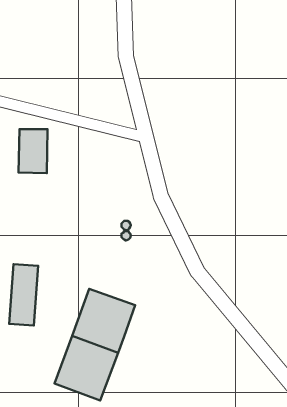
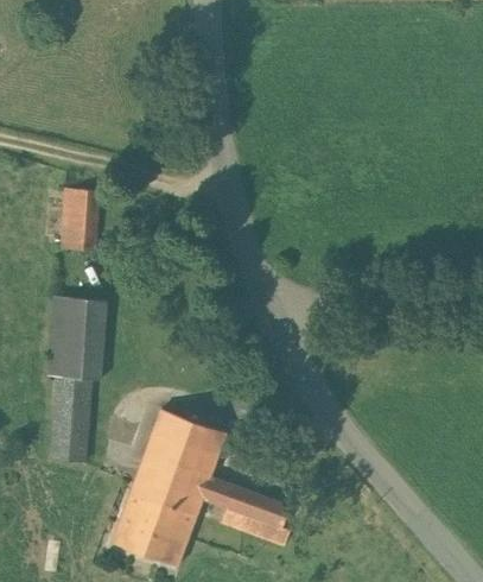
building: none -> [49,296,106,379]
building: none -> [202,476,290,545]

